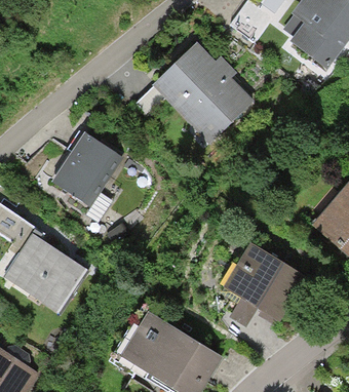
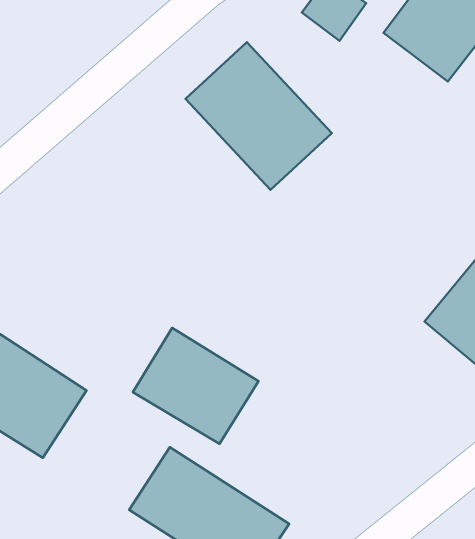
building: [50,130,119,201] -> none
building: [223,240,305,316] -> [133,328,259,444]

